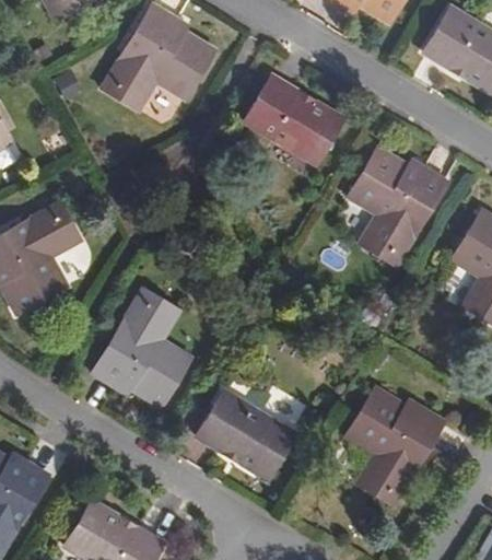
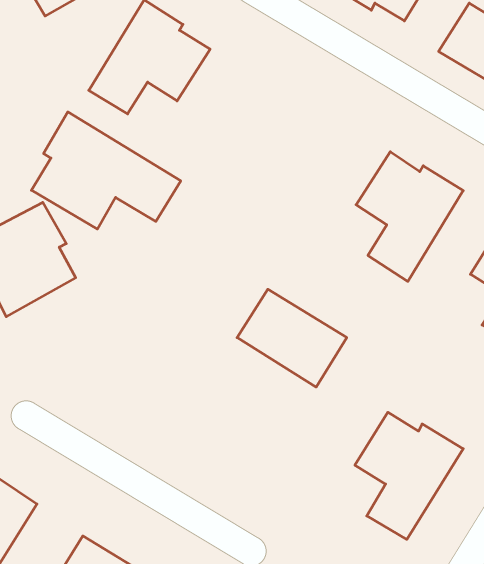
building: [244,74,344,164] -> none
building: none -> [31,112,181,229]
building: [91,289,190,406] -> none
building: [191,387,293,478] -> [237,289,347,387]

